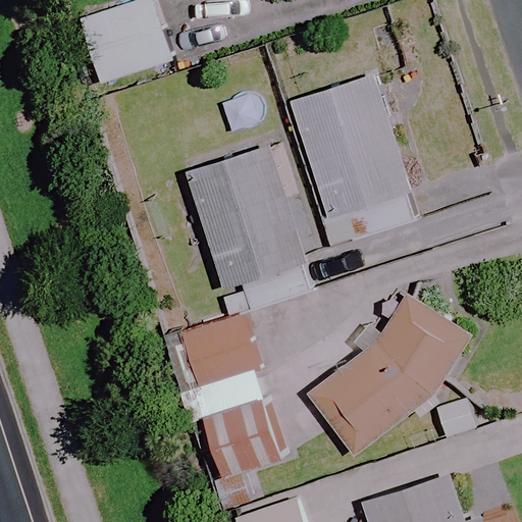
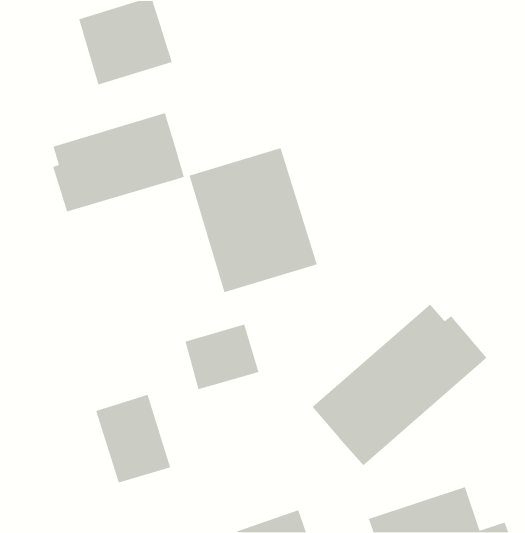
building: [288,76,424,242] -> none
building: none -> [52,112,185,213]
building: [206,395,280,482] -> [95,394,171,483]

